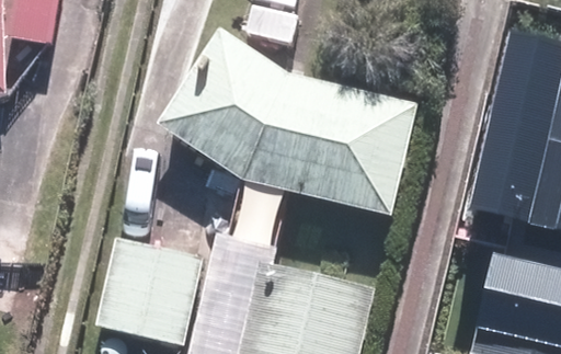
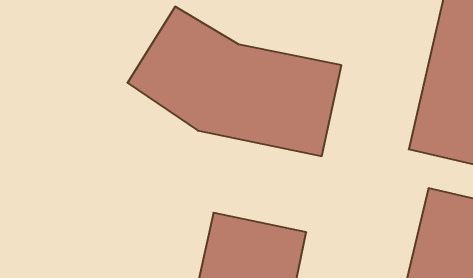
building: [108,248,211,343] -> none

